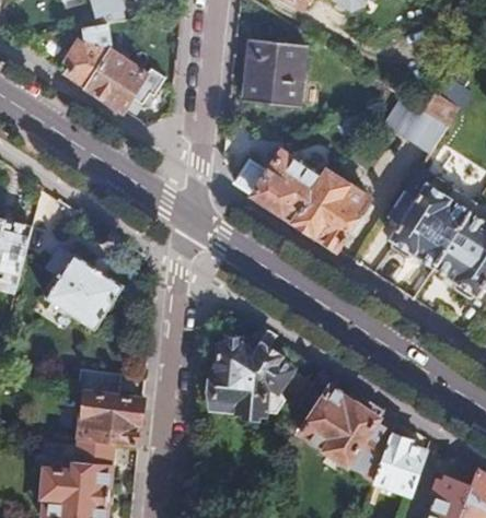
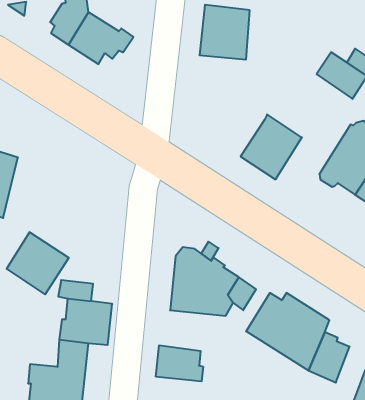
building: [232,151,322,222] -> none
building: [44,254,118,328] -> [7,232,69,294]
building: none -> [156,345,203,381]

